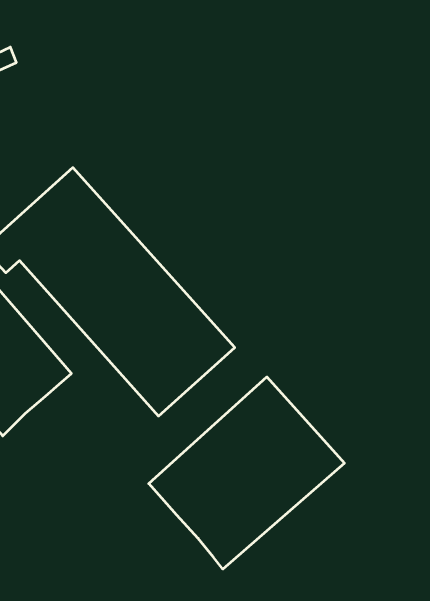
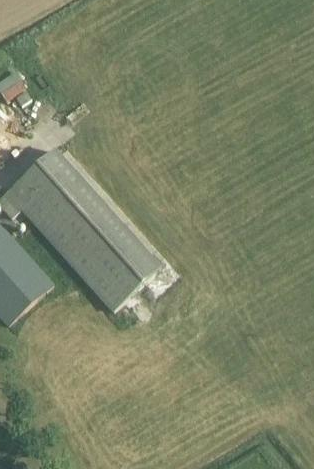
building: [149,377,344,569] -> none

